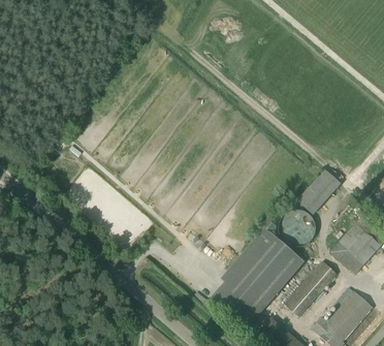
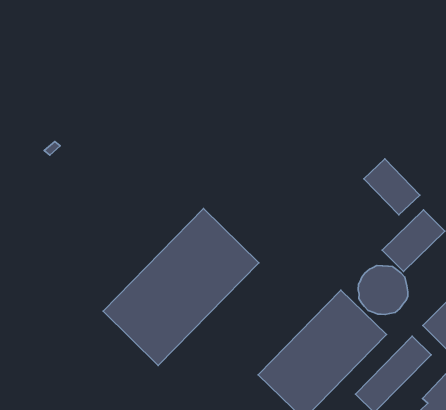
building: none -> [364,159,420,215]
building: none -> [103,209,259,365]

